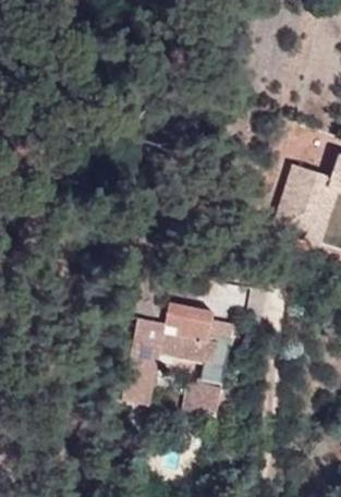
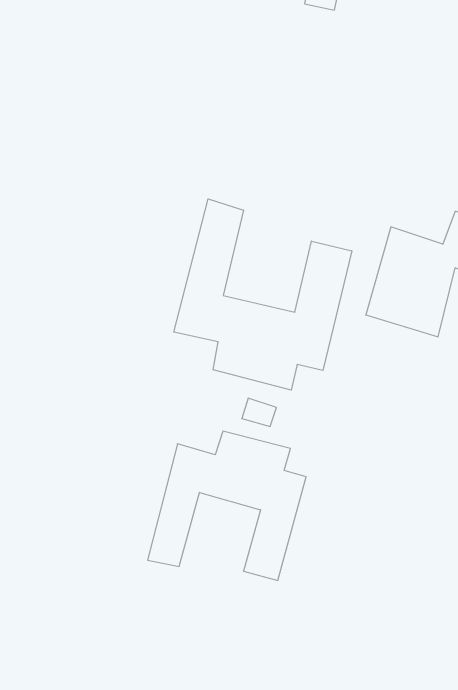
building: none -> [174,199,352,390]

